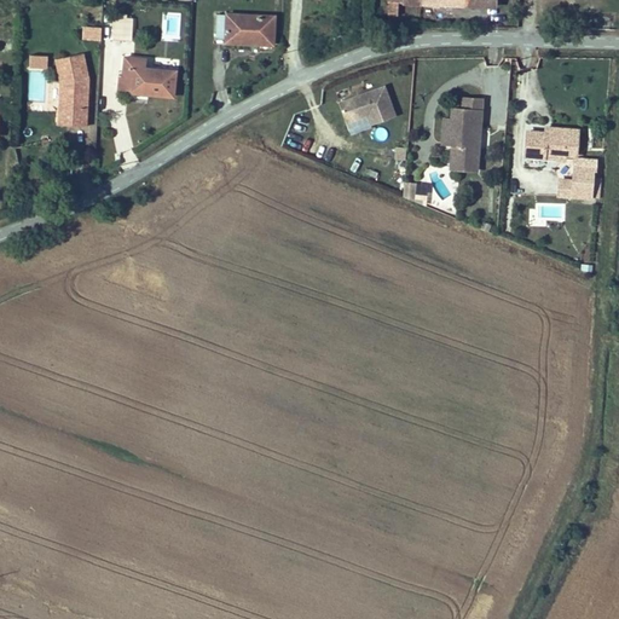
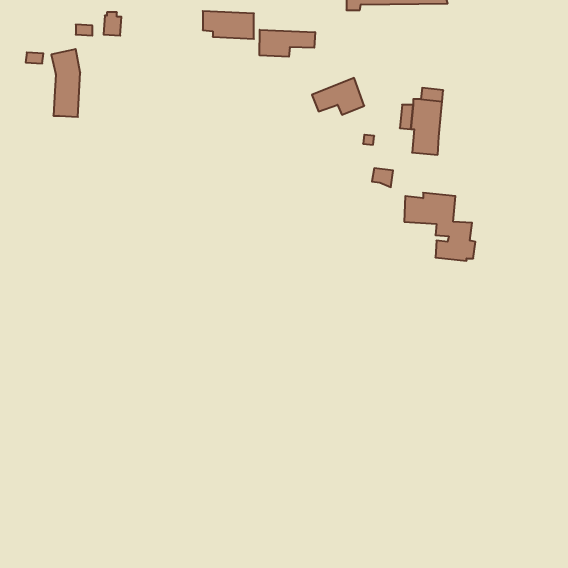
building: none -> [260,30,315,57]
building: [118,57,178,96] -> none
building: [525,126,602,199] -> [404,193,475,261]

